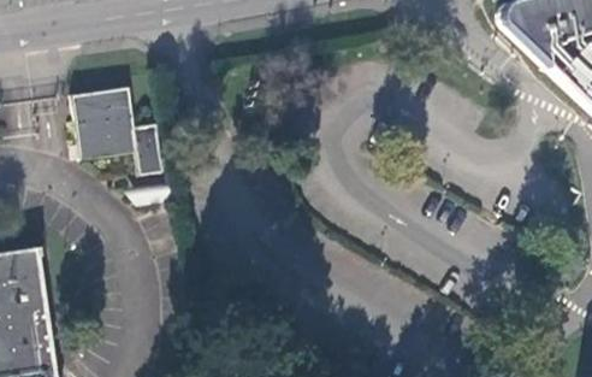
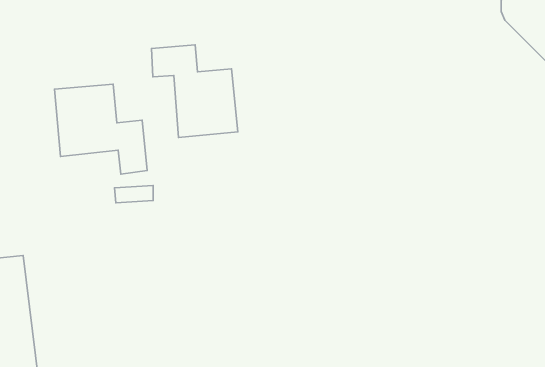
building: none -> [151,45,238,137]

